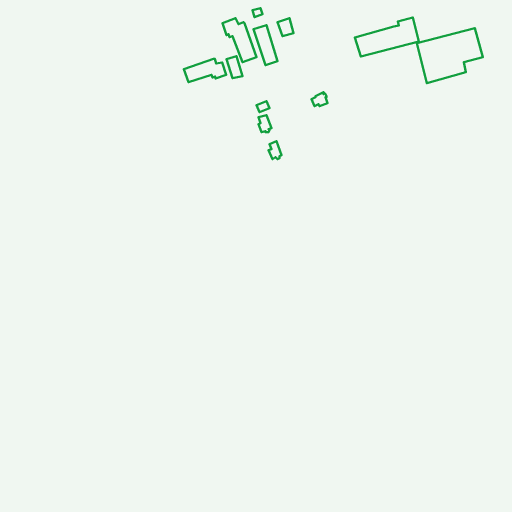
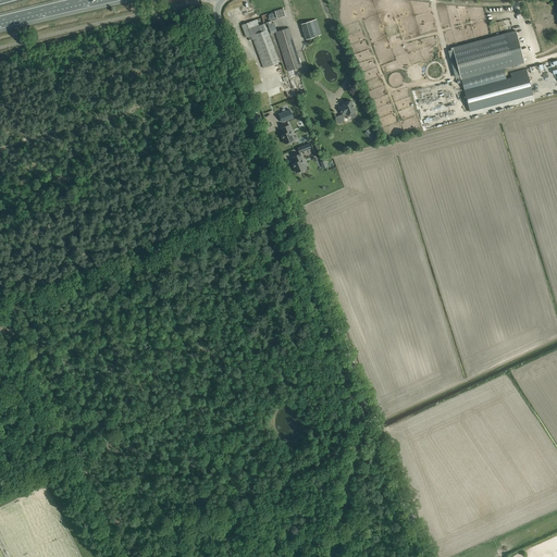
building: [355,17,419,57] -> [463,69,533,111]
building: [184,59,226,82] -> none

